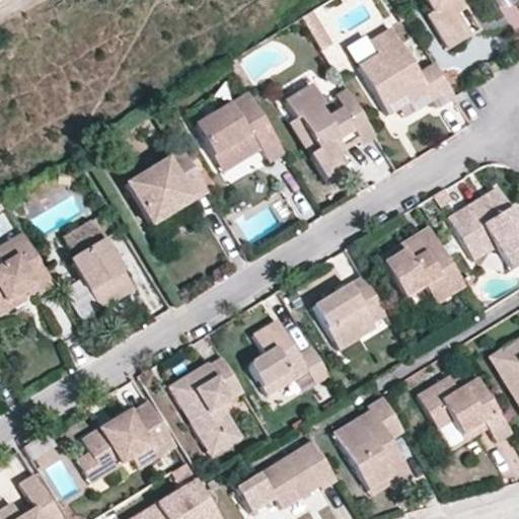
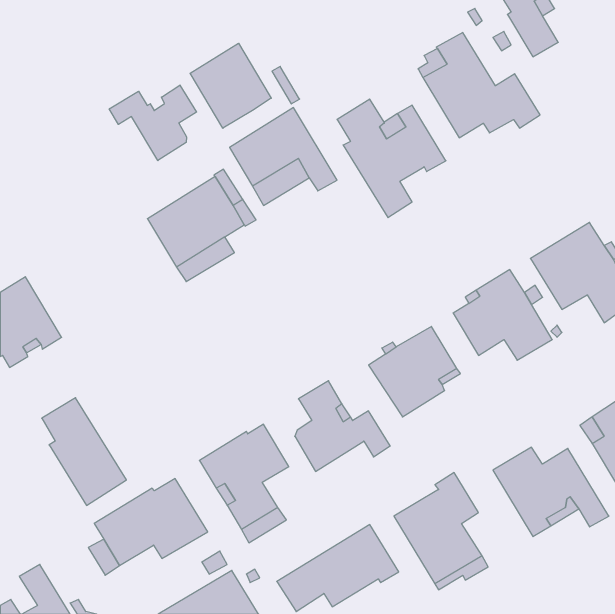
building: none -> [190,43,271,128]
building: none -> [109,85,197,161]
building: [63,220,134,310] -> [42,398,126,505]

